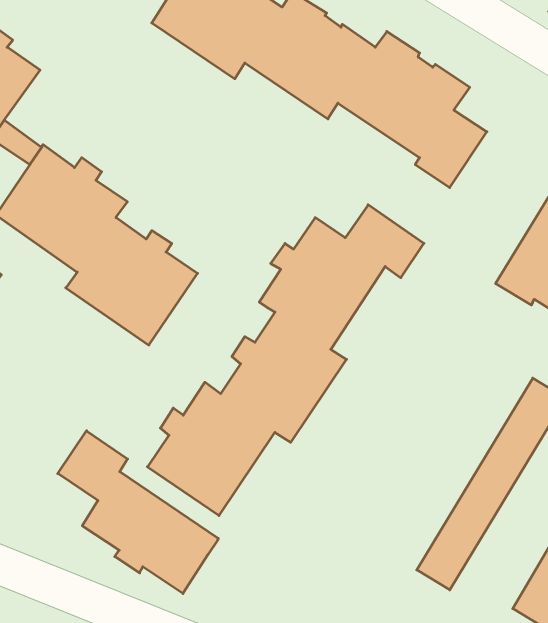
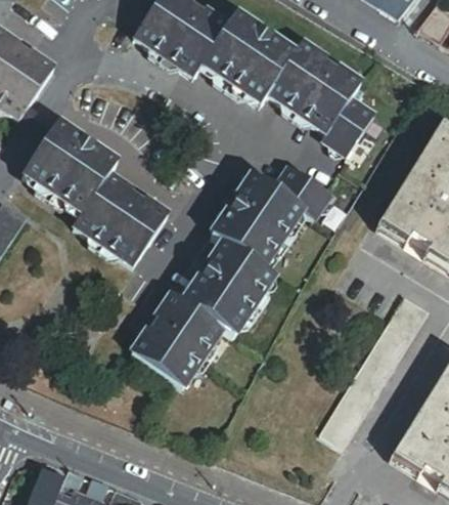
building: [58,431,218,594] -> none

